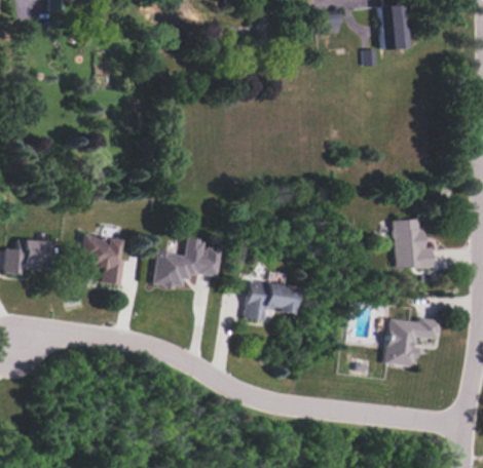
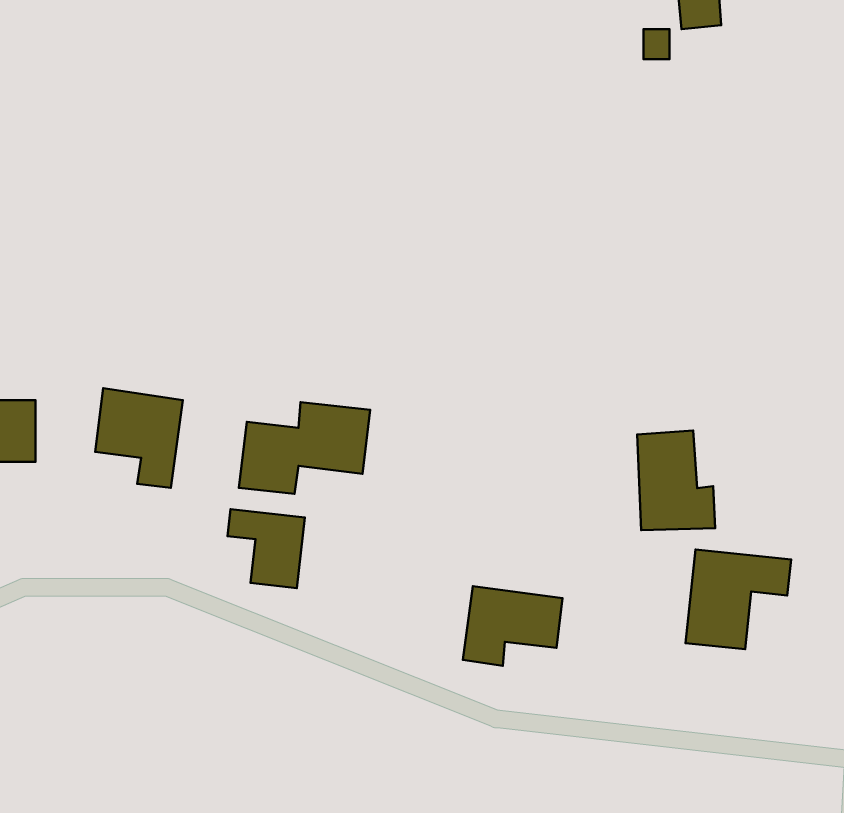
building: [394,219,434,270] -> [637,430,715,530]
building: [245,281,296,322] -> [463,586,563,666]
building: none -> [228,509,305,588]

